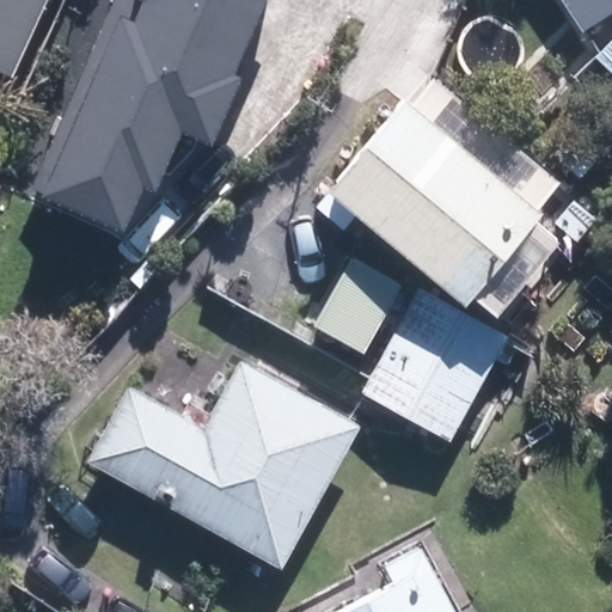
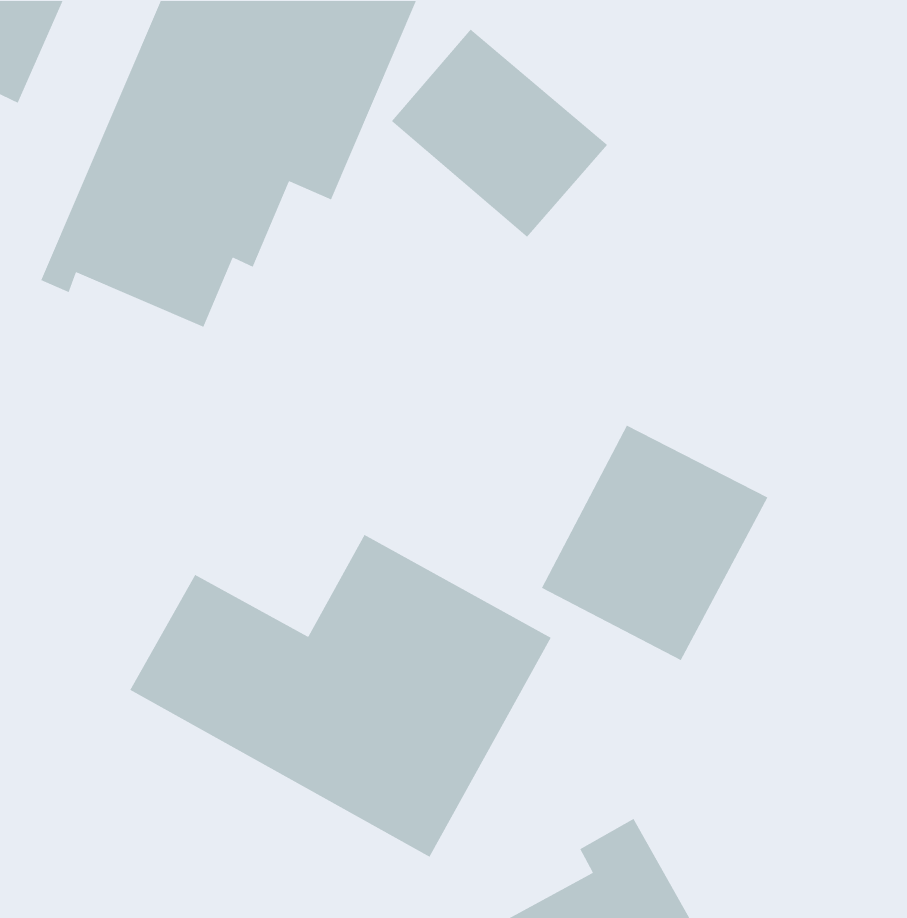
building: none -> [391,29,608,238]
building: [336,93,568,312] -> none

